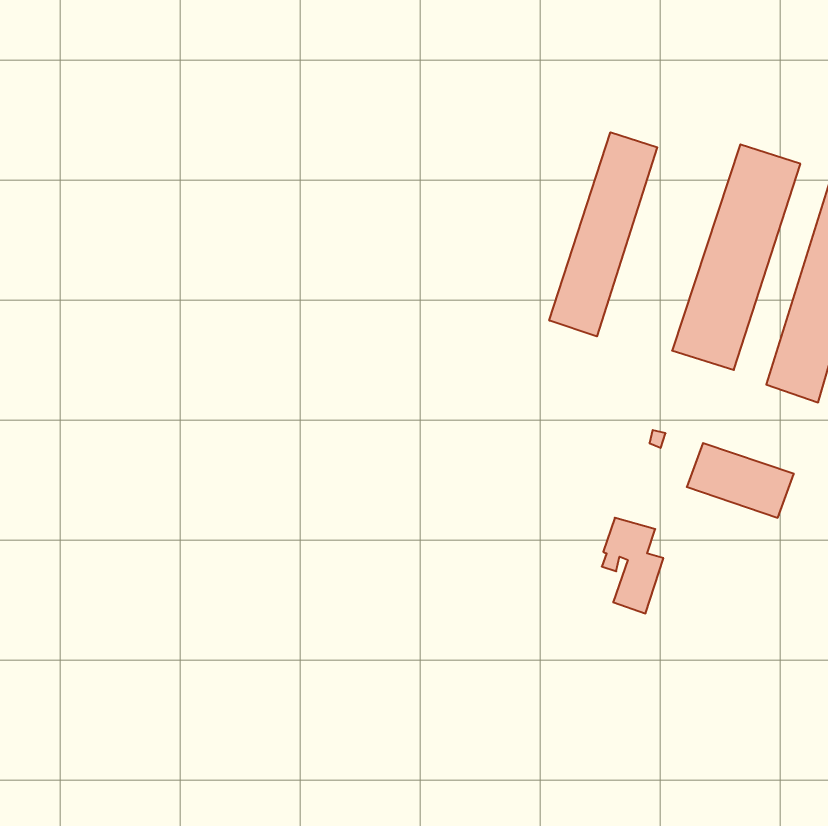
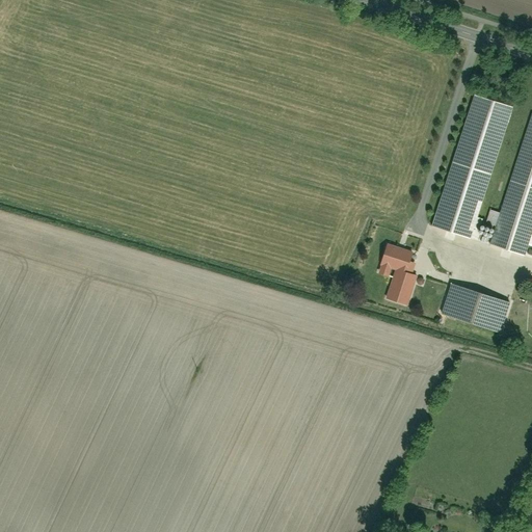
building: [549,132,657,336] -> none
building: [602,518,663,613] -> [378,243,418,304]

